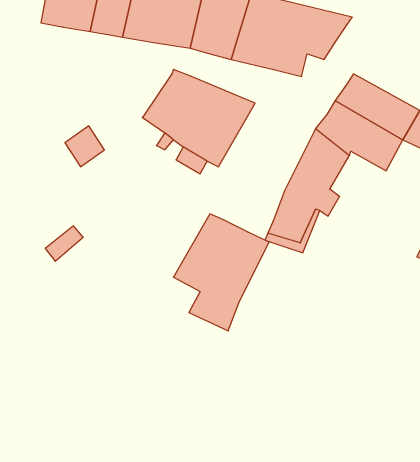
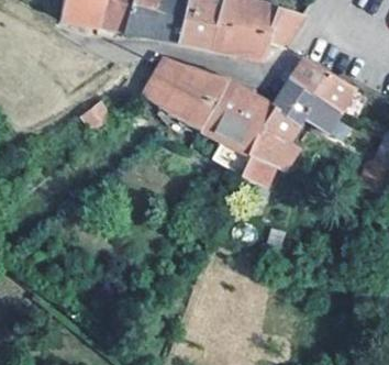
building: [173,214,269,331] -> [200,81,275,173]

